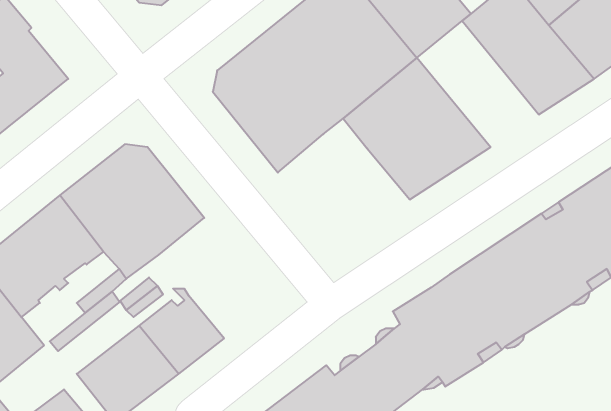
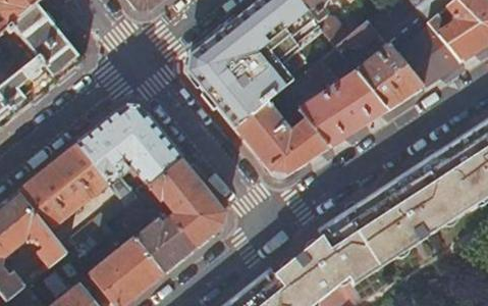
building: none -> [334,18,422,109]
building: none -> [234,100,329,174]
building: none -> [149,160,223,247]

